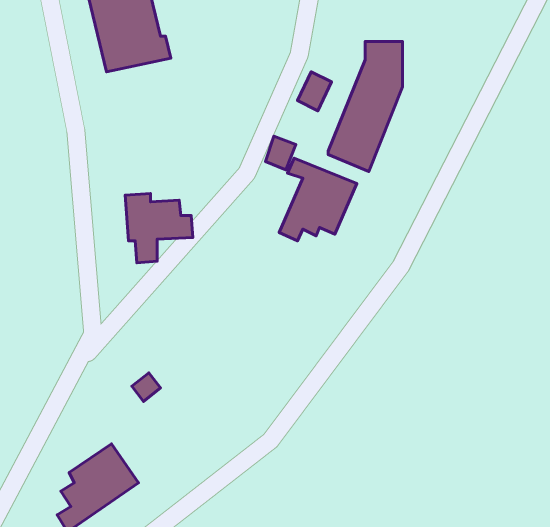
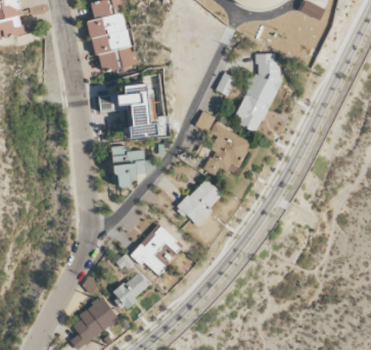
building: none -> [98,84,169,137]
building: none -> [176,178,223,226]
building: none -> [129,223,182,274]
building: none -> [110,272,149,309]

